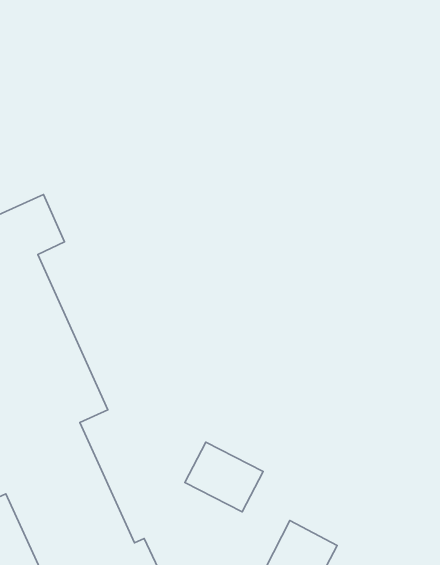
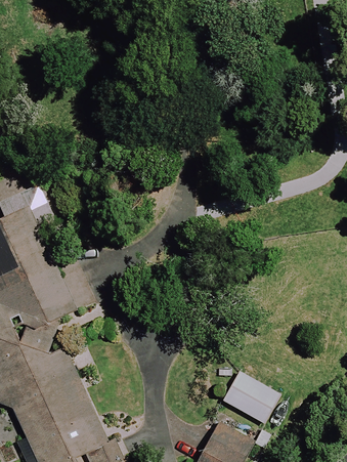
building: [185,442,263,512] -> [223,372,280,423]

